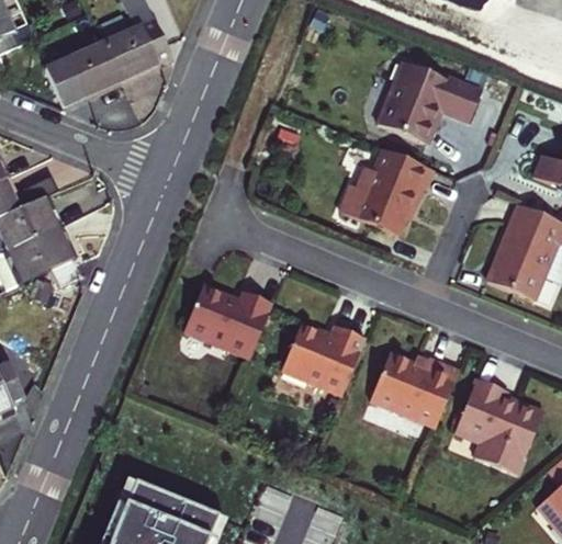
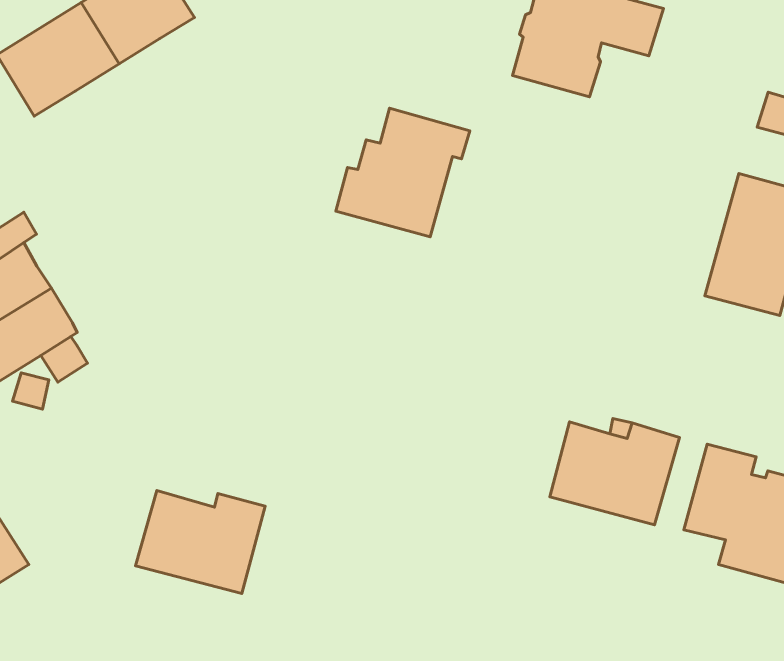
building: [339,147,432,234] -> [336,108,470,237]
building: [183,283,272,356] -> [135,491,265,594]
building: [281,322,364,393] -> none

